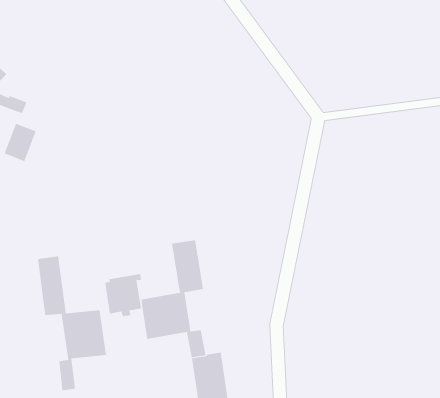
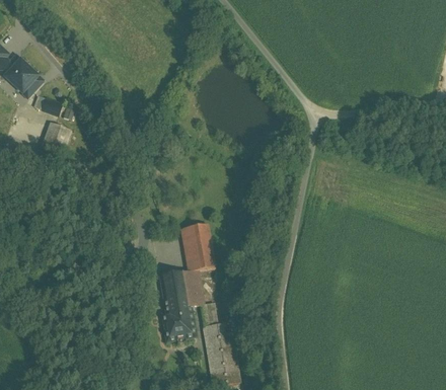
building: [37,255,107,391] -> none
building: [105,273,142,317] -> [162,305,195,342]

